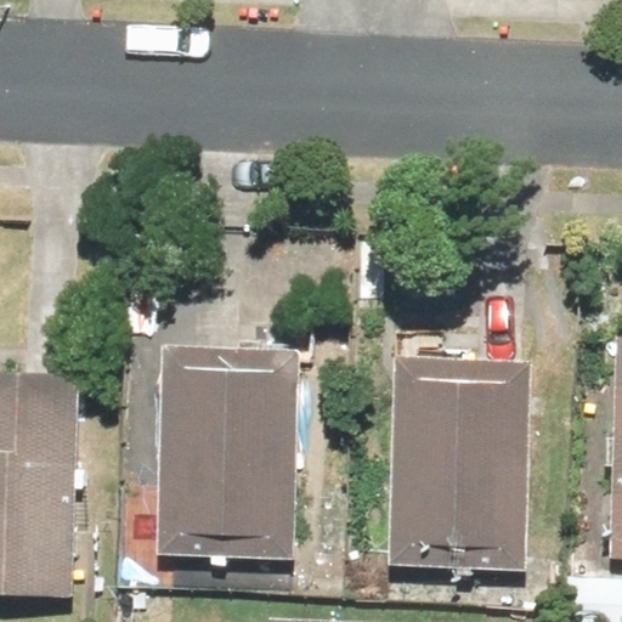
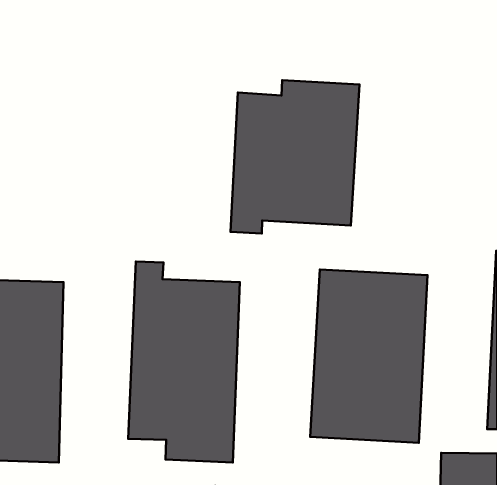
building: none -> [230,80,360,234]

